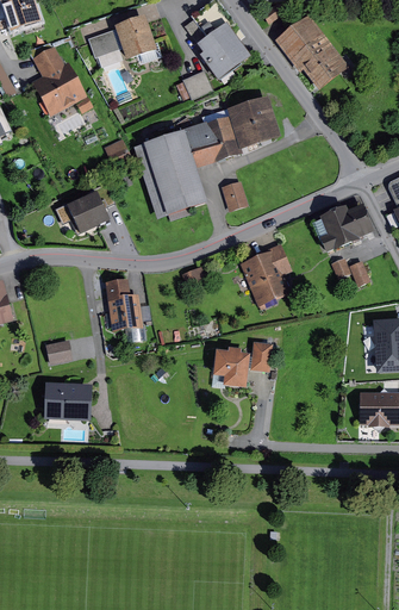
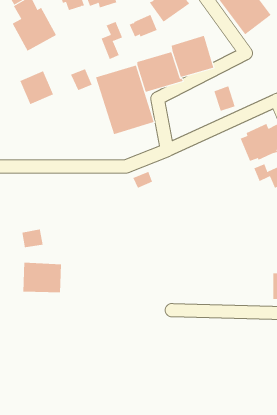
building: none -> [101,21,123,60]
building: [222,179,249,211] -> [214,86,236,111]
building: [68,191,111,234] -> [19,70,54,105]
building: [242,242,293,307] -> none
building: [106,279,144,332] -> none
building: [216,341,274,388] -> none

